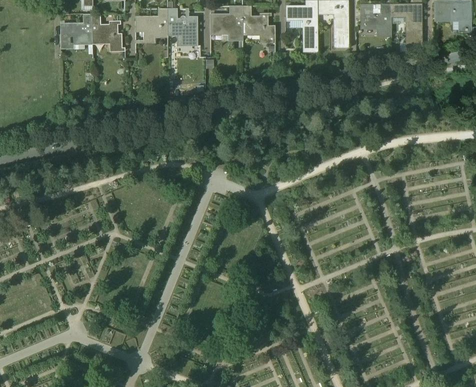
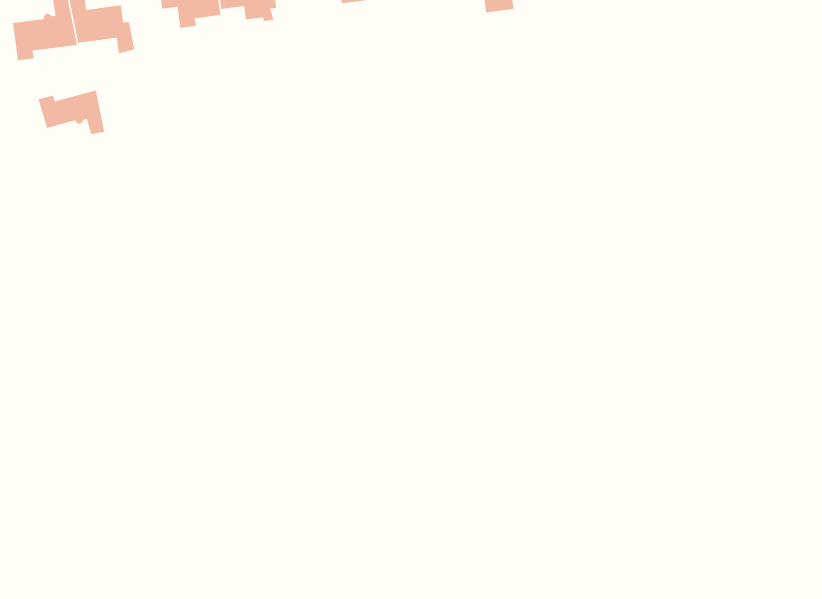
building: none -> [38,90,105,135]

